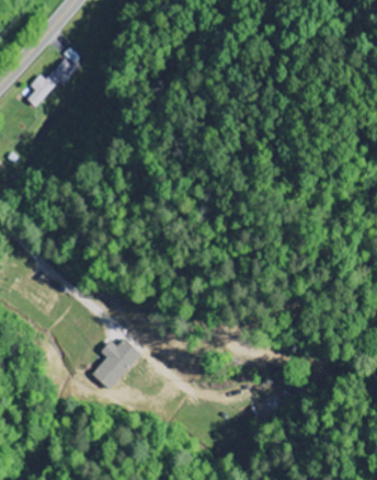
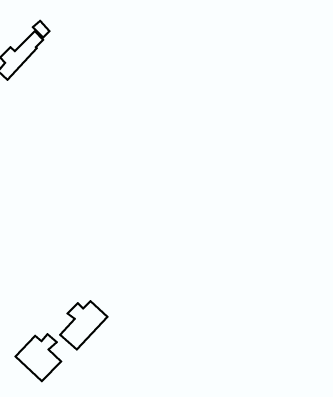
building: none -> [16,334,61,381]

